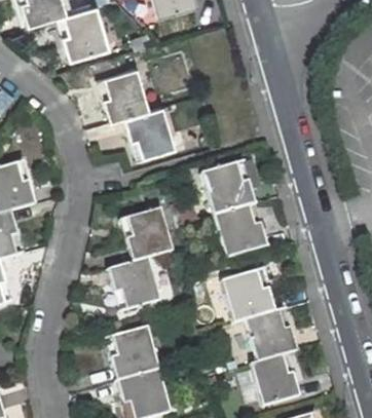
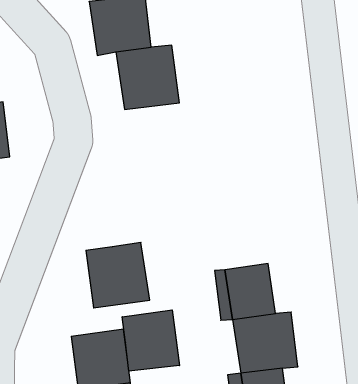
building: [203,163,276,261] -> none
building: [120,208,177,264] -> none
building: none -> [122,310,179,371]

